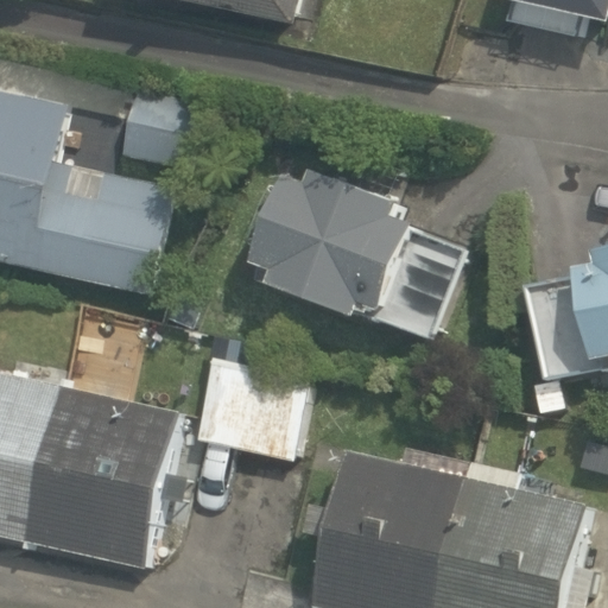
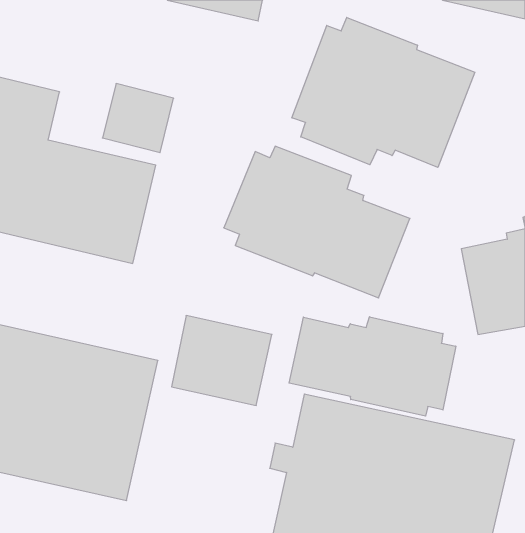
building: none -> [292,17,475,167]
building: none -> [289,317,456,416]

